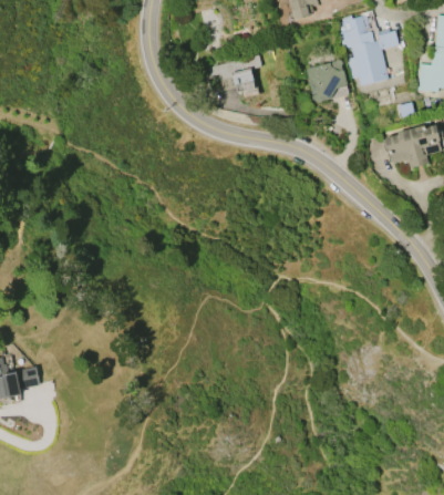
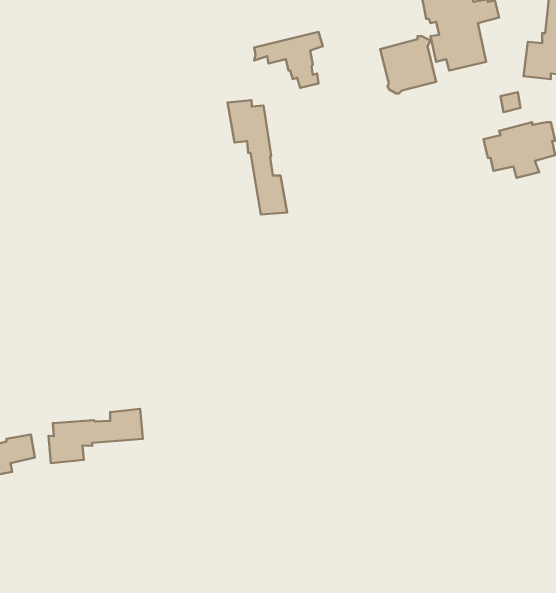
building: none -> [227,100,287,215]
building: none -> [49,409,143,463]

